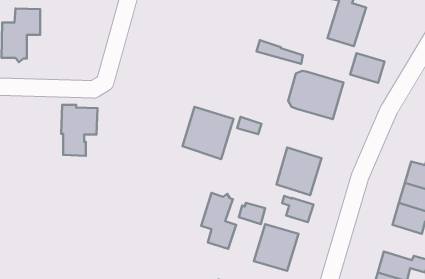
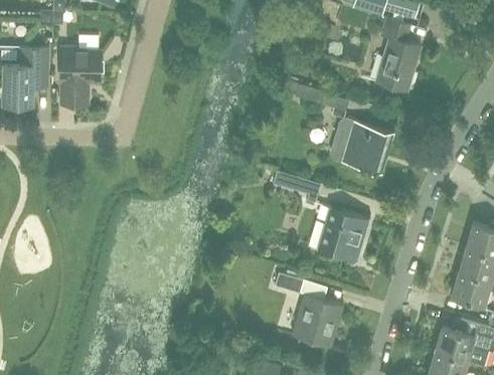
building: [350,53,384,83] -> none
building: [61,105,97,156] -> [59,48,101,107]
building: [183,107,234,159] -> none
building: [201,193,236,249] -> none
building: [282,196,314,222] -> none

